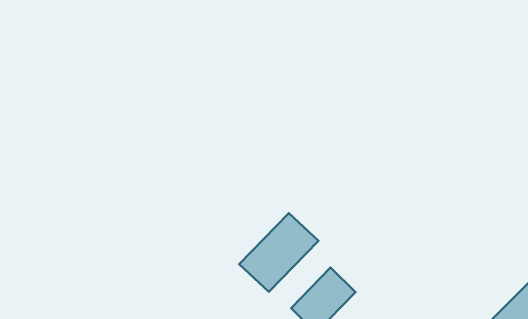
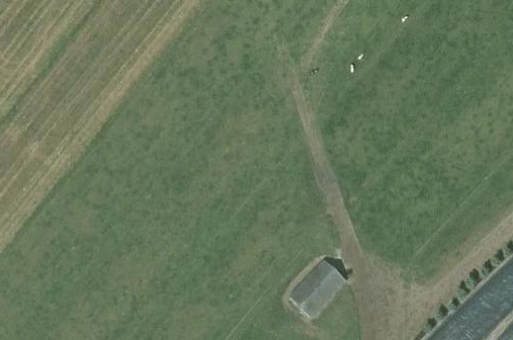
building: [239,213,318,292] -> none

